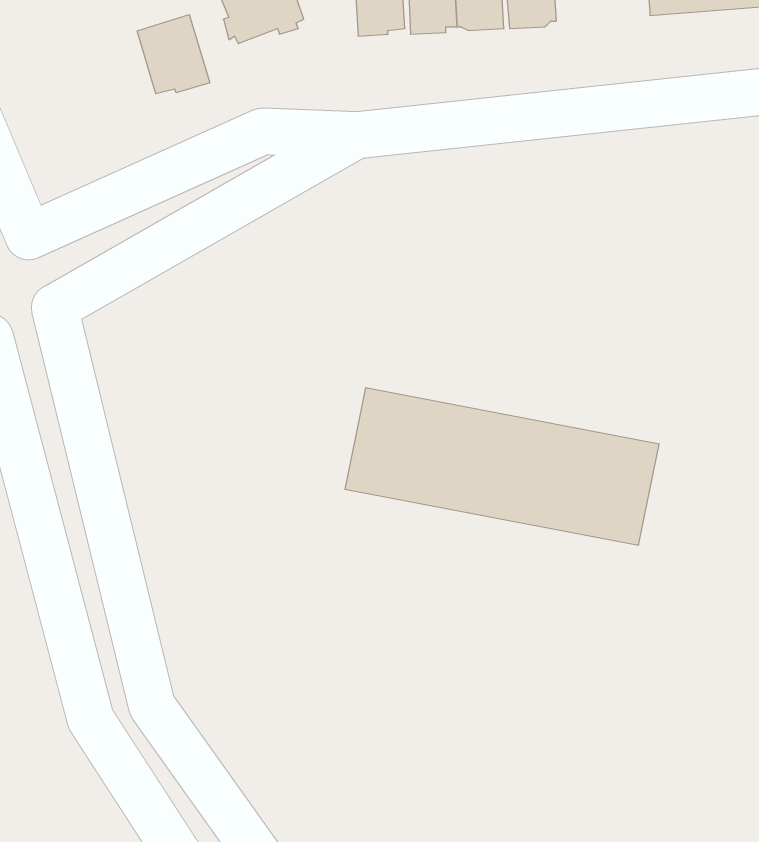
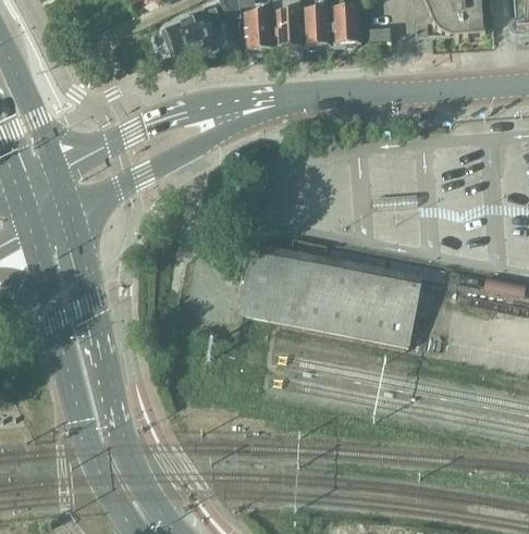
building: [137,15,210,94] -> none

